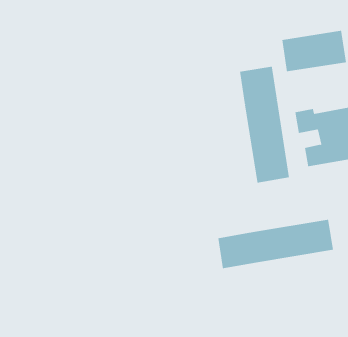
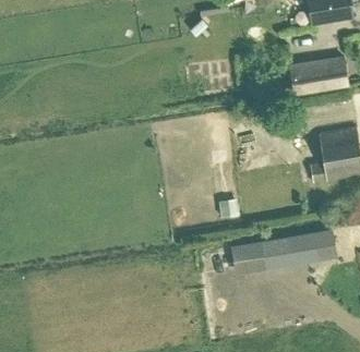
building: [240,66,290,183] -> none

